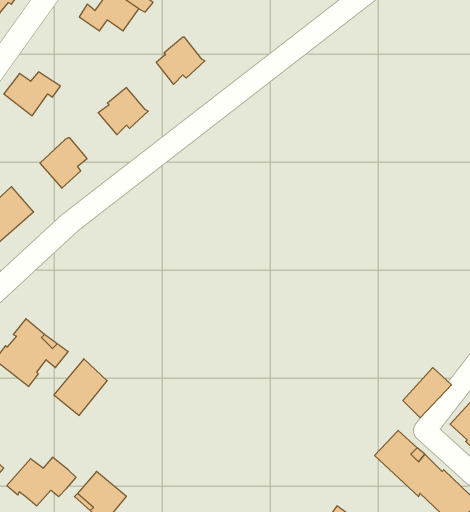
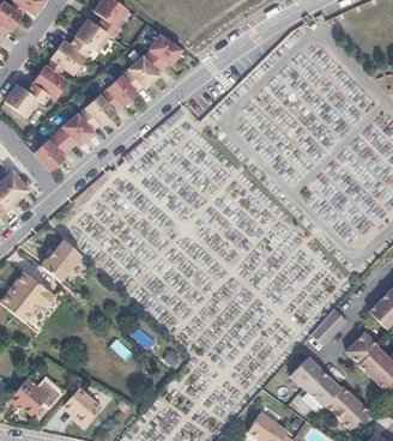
building: none -> [144,34,182,73]
building: none -> [52,41,87,75]
building: none -> [32,65,69,101]
building: none -> [99,75,138,111]
building: none -> [56,114,93,149]
building: [54,359,107,415] -> [41,238,81,282]

